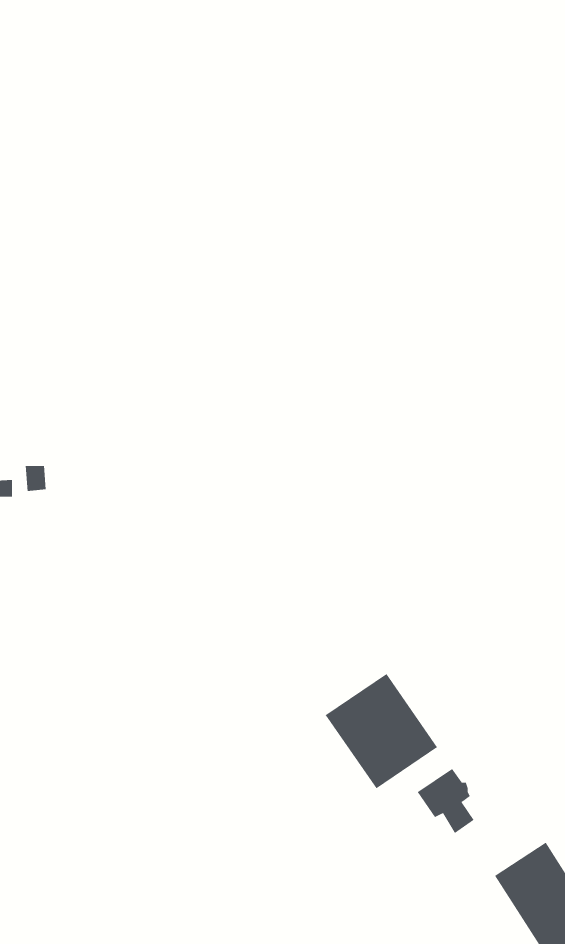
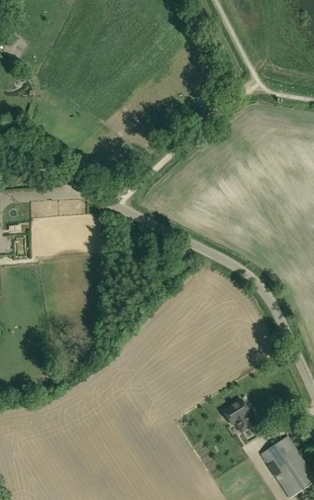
building: [325,673,438,789] -> none

